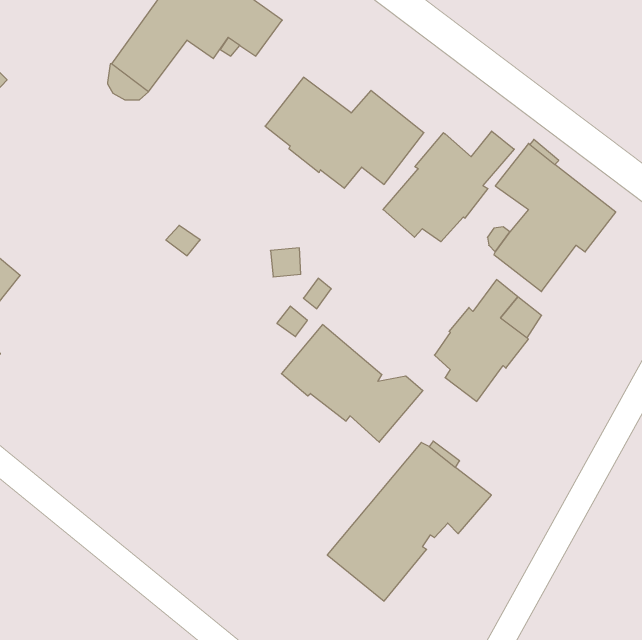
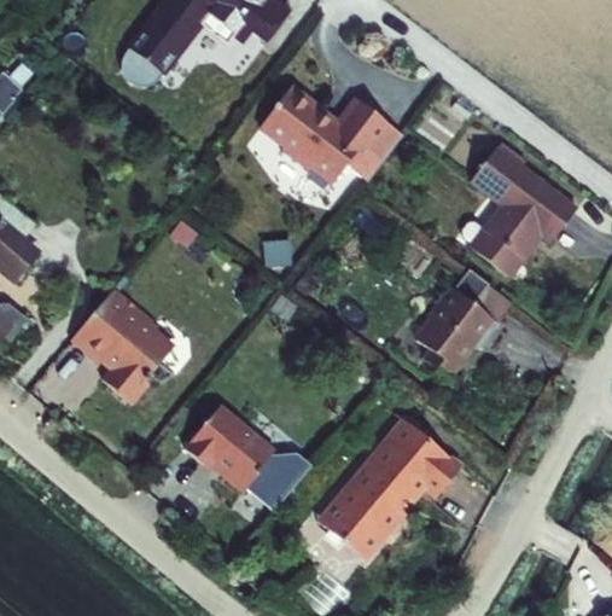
building: [383,131,514,242] -> none
building: none -> [70,287,175,405]
building: [281,325,423,442] -> [183,403,313,511]

